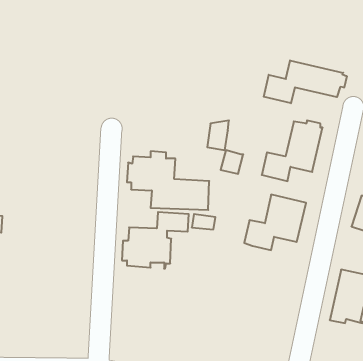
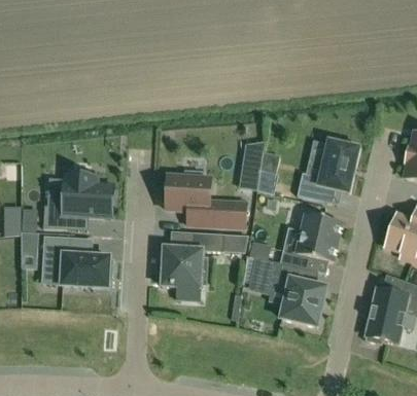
building: [264,60,347,103] -> none
building: none -> [43,174,113,228]
building: none -> [42,237,113,287]
building: none -> [248,256,325,326]

